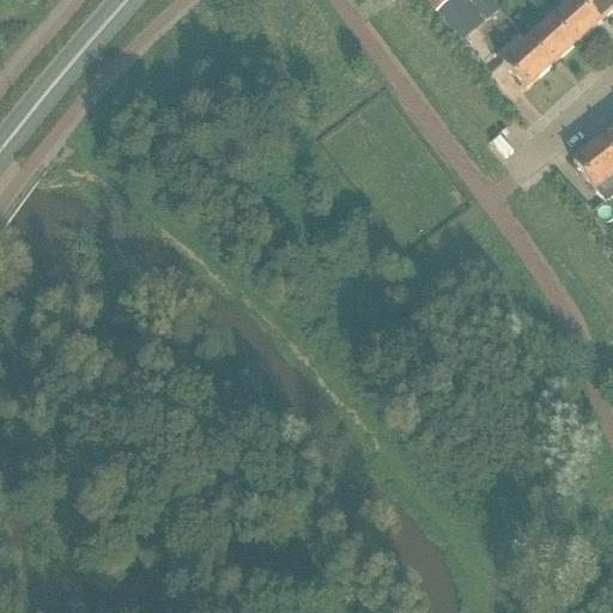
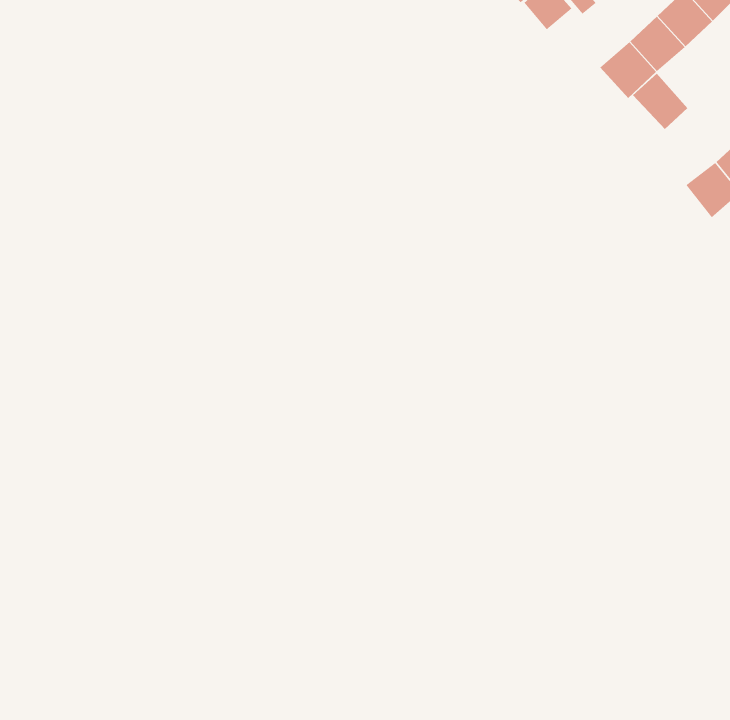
building: none -> [632,73,688,130]

